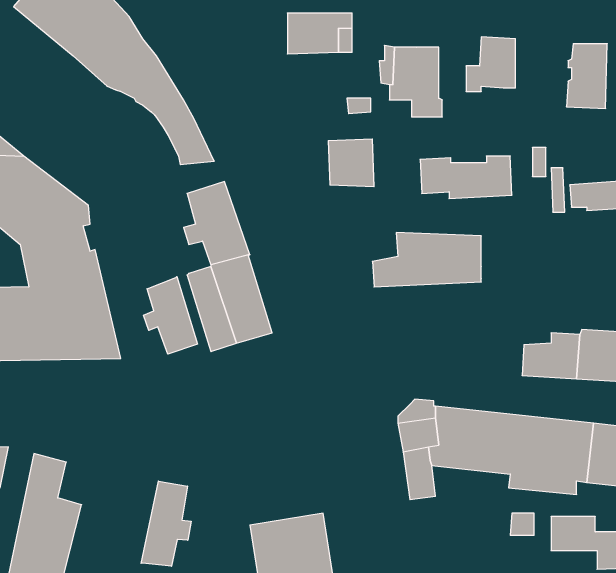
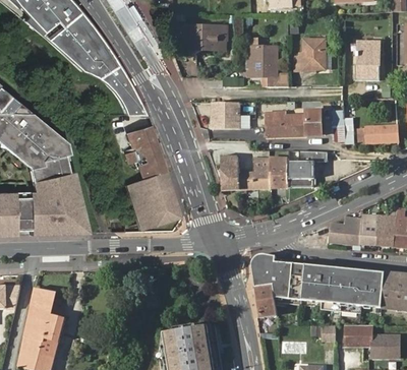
building: none -> [220,156,239,190]
building: [143,277,197,354] -> none
building: [141,481,191,566] -> none

